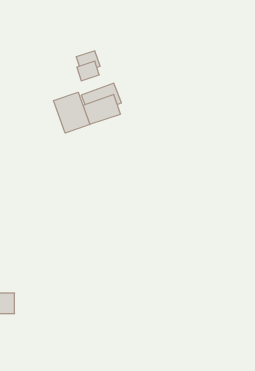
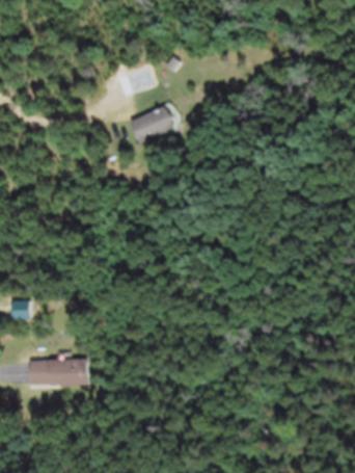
building: [54,92,90,133] -> none
building: none -> [49,359,89,385]

